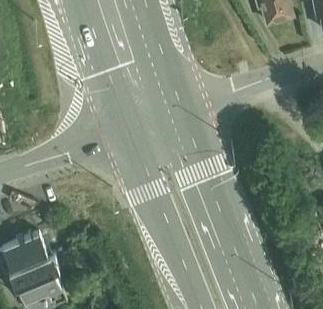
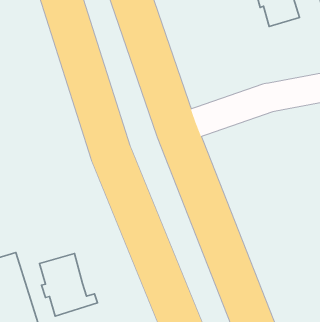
building: none -> [39,253,97,316]

